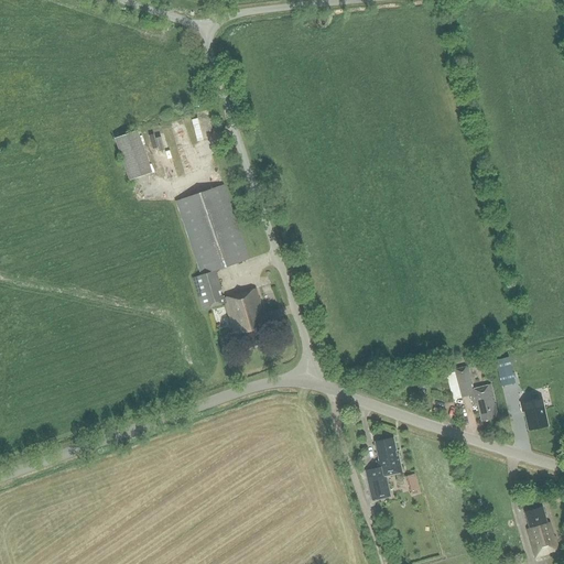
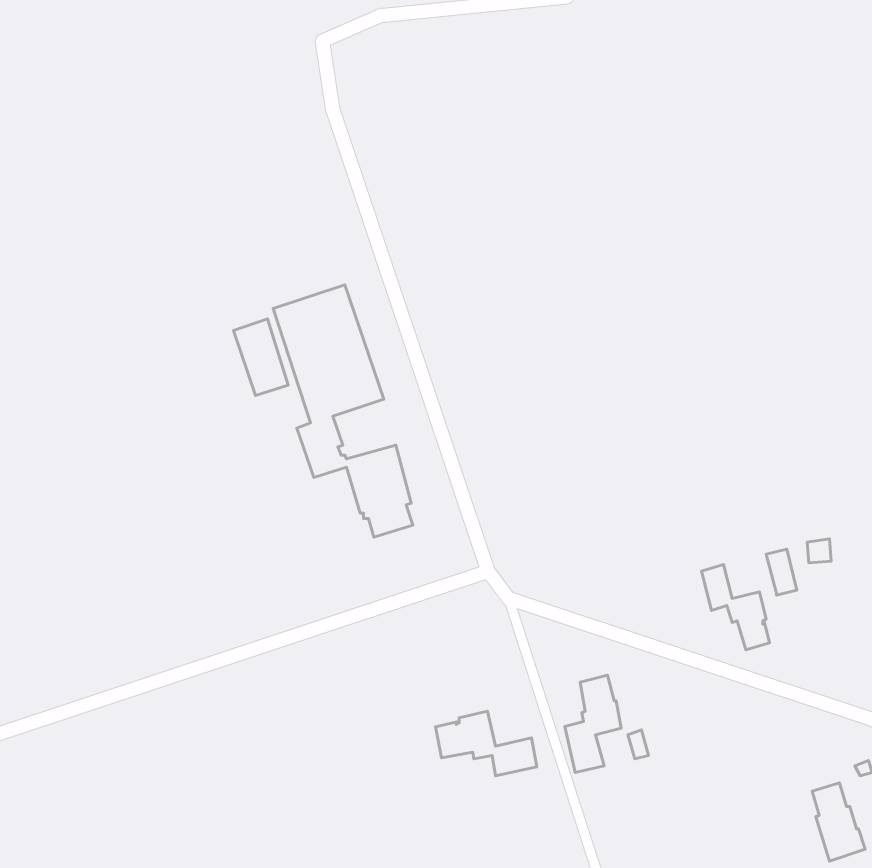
building: [116,128,151,177] -> [233,319,288,395]
building: [521,390,549,423] -> none
building: none -> [435,711,537,776]

